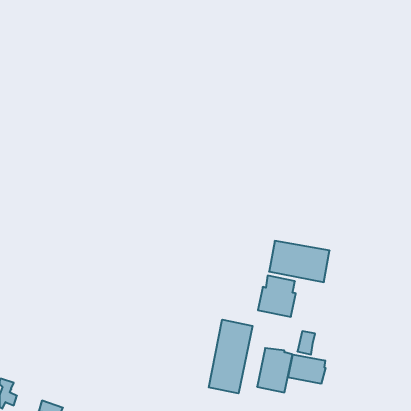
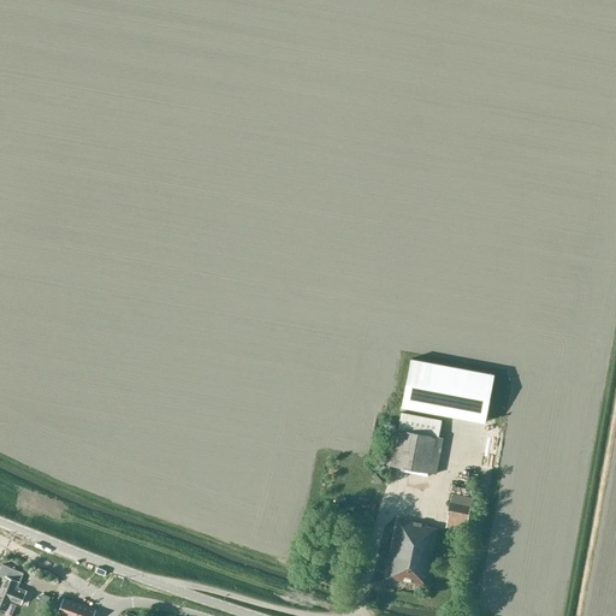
building: [209,320,253,393] -> none
building: [288,354,326,384] -> none

